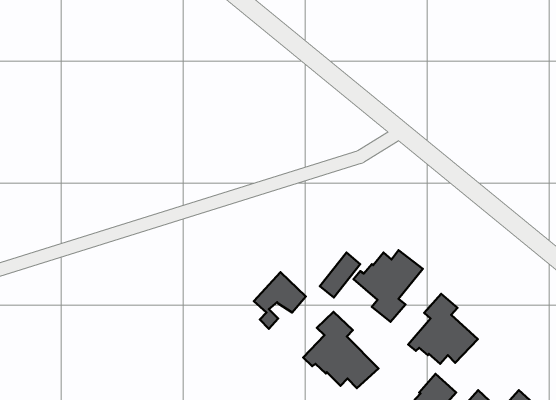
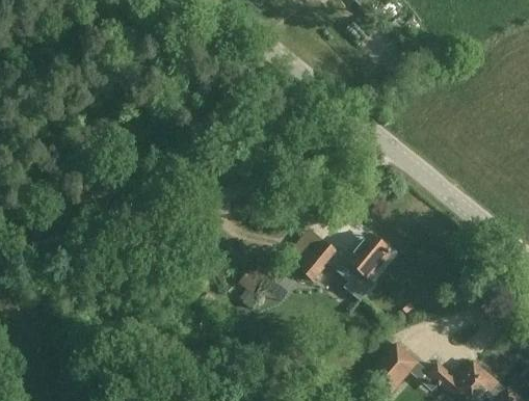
building: [408,294,478,364] -> none
building: [303,312,379,388] -> none

